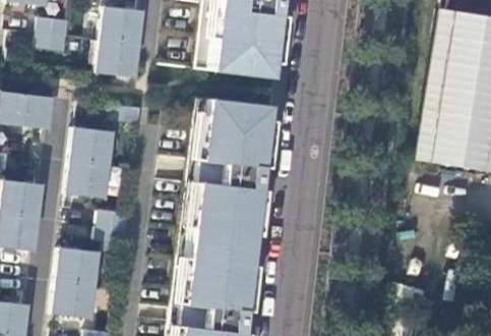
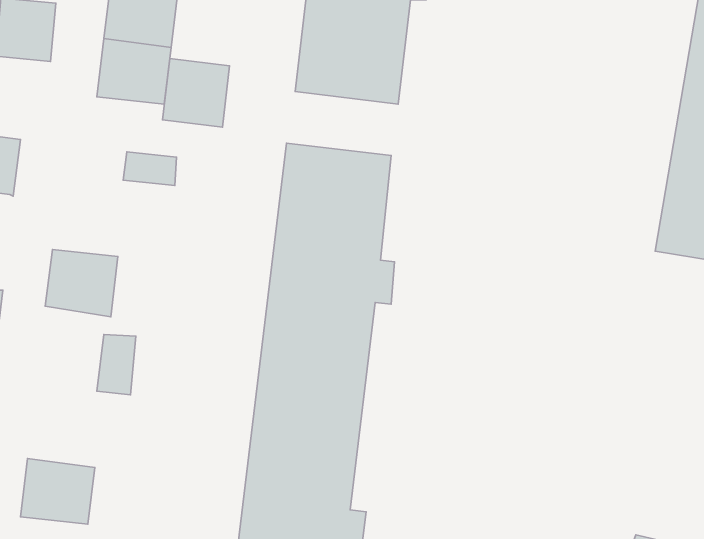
building: none -> [163,58,230,127]
building: [72,126,114,164] -> none
building: [58,247,100,285] -> none

